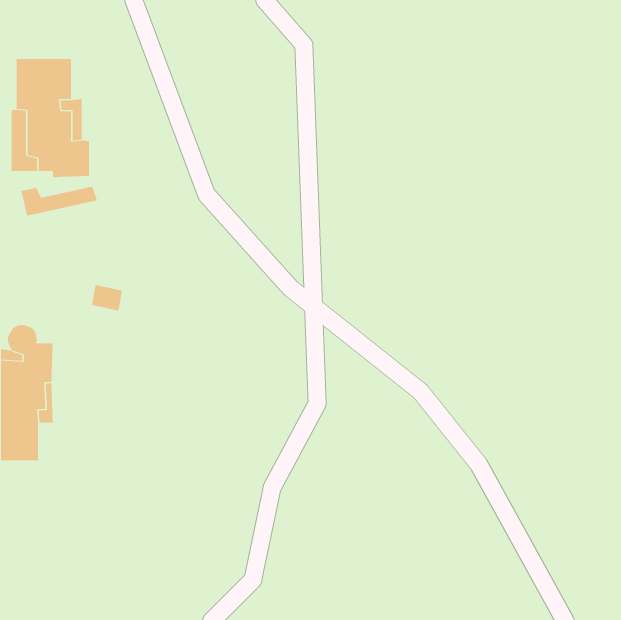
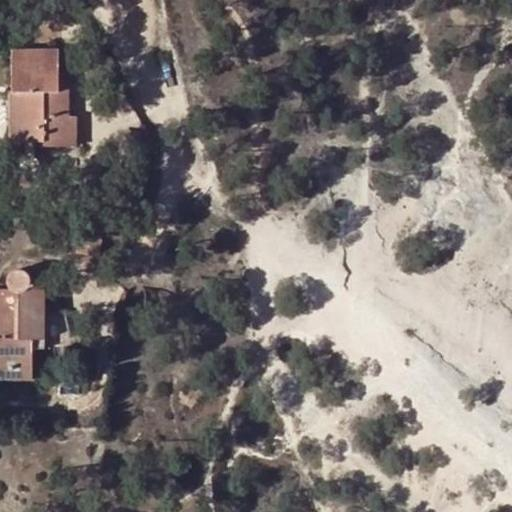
building: [21,186,97,217] -> none

